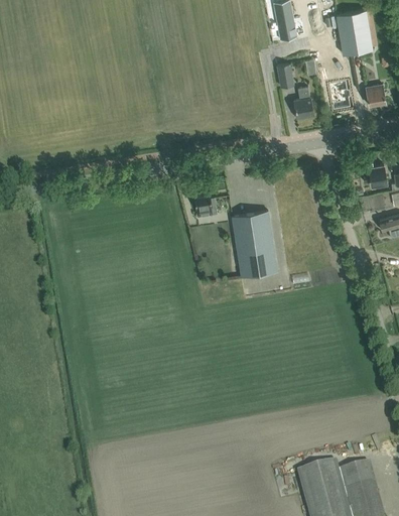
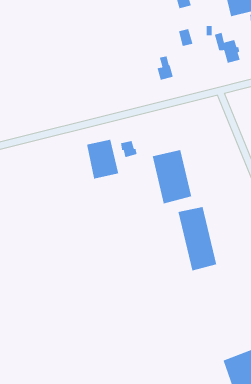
building: [293,88,313,118] -> [157,56,174,81]
building: none -> [86,139,119,180]
building: none -> [178,206,217,271]

